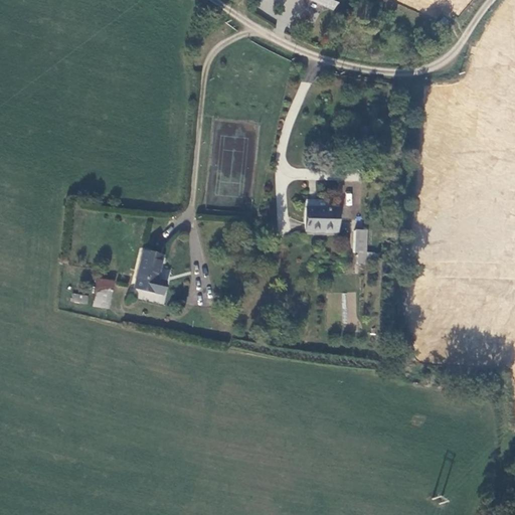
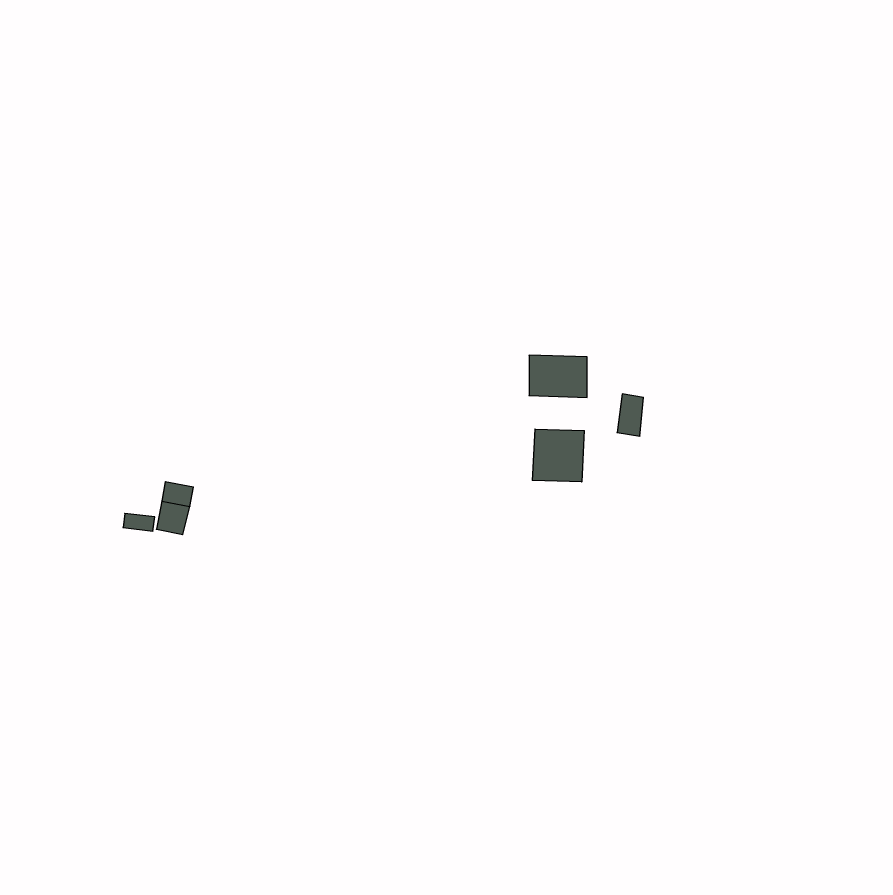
building: none -> [532,429,584,482]
building: [134,250,165,295] -> none

